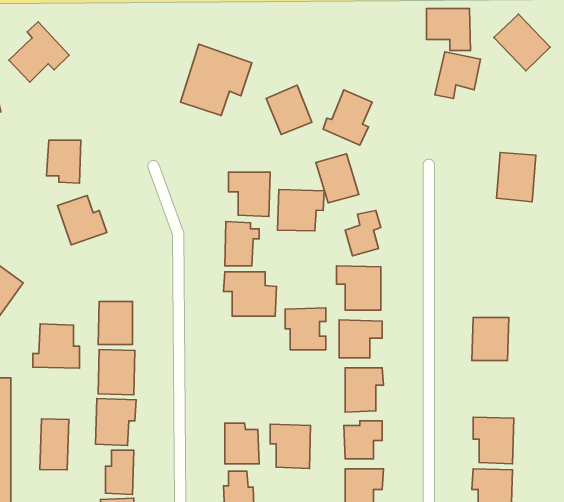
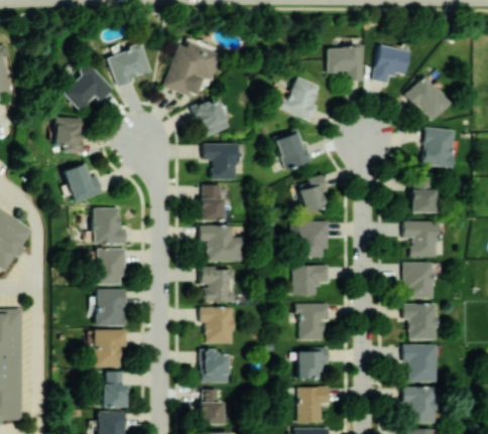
building: [426,9,471,50] -> [328,47,364,82]
building: [494,14,550,71] -> [404,76,451,122]
building: [9,22,69,82] -> [63,61,112,111]
building: none -> [107,45,151,85]
building: [266,85,312,134] -> [192,98,229,138]
building: [278,190,324,231] -> none
building: none -> [411,177,435,213]
building: none -> [402,222,437,257]
building: [285,308,326,350] -> [200,268,233,302]
building: [33,324,80,368] -> [87,207,125,244]
building: none -> [402,303,437,339]
building: [40,419,69,470] -> none
building: [270,424,311,468] -> [200,307,233,343]

